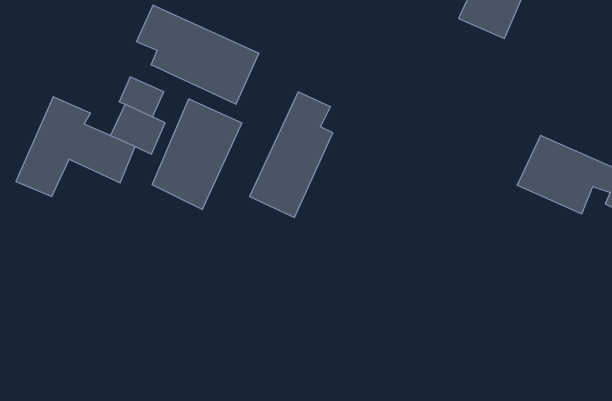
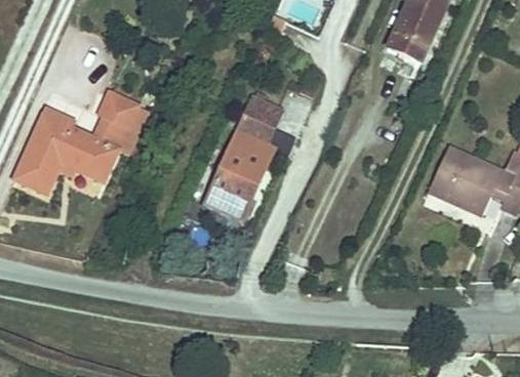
building: [137,5,259,104] -> none
building: [152,99,242,210] -> none

